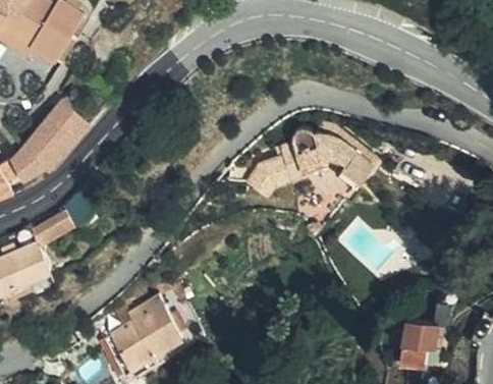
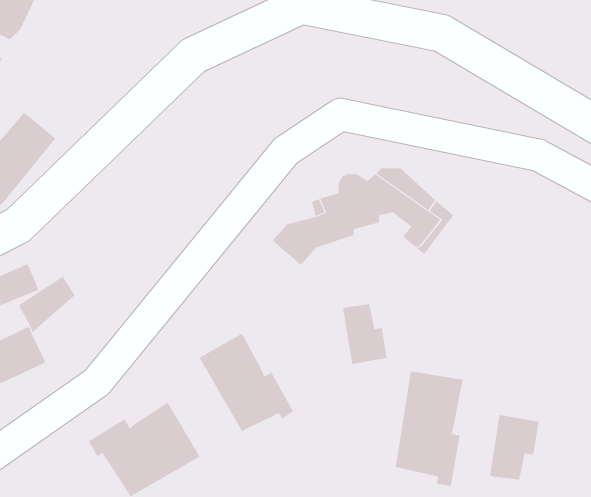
building: none -> [343,303,387,365]
building: none -> [199,333,294,432]
building: none -> [395,370,463,486]

